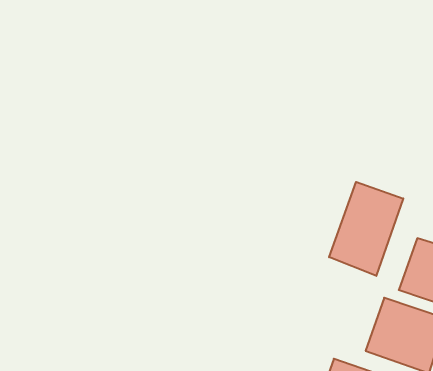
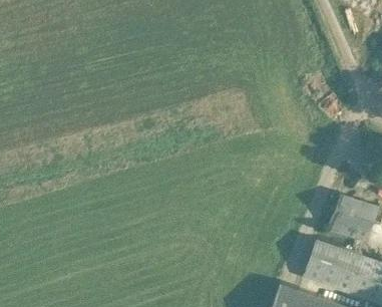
building: [329,182,403,276] -> none

